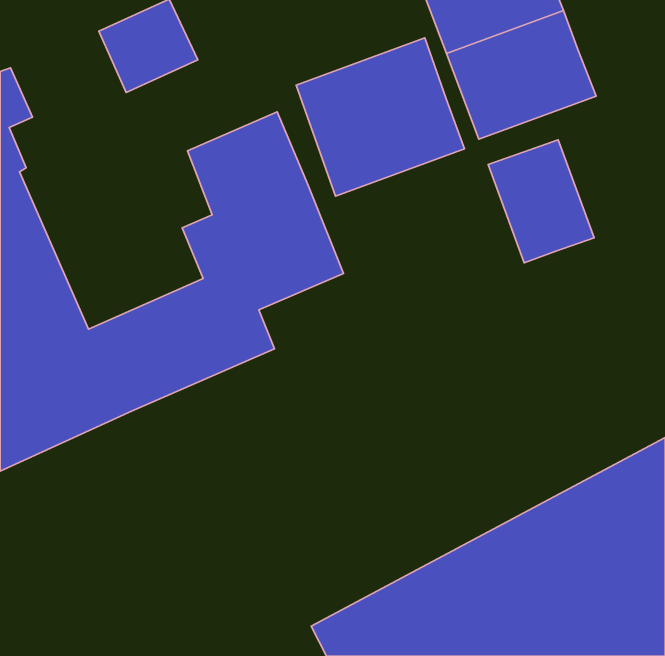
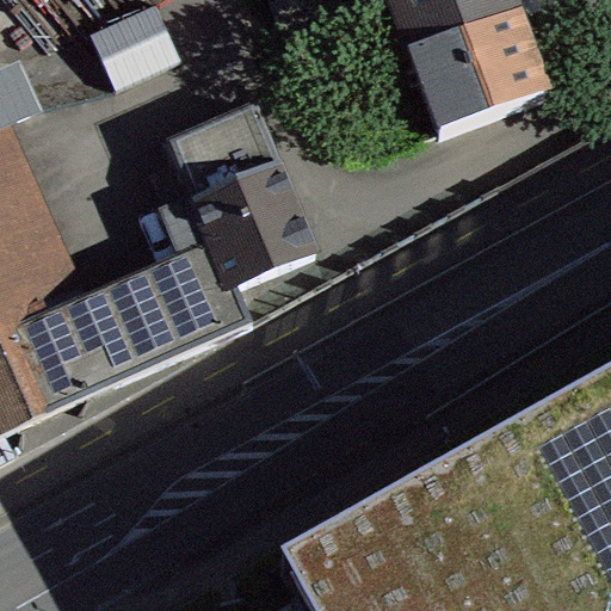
building: [296,38,465,196] -> none
building: [488,140,594,263] -> none

